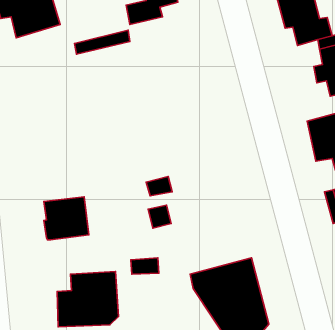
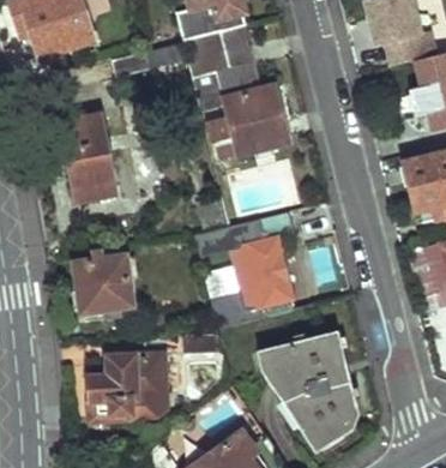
building: none -> [182,30,289,162]
building: none -> [62,114,117,200]
building: none -> [240,240,291,306]

